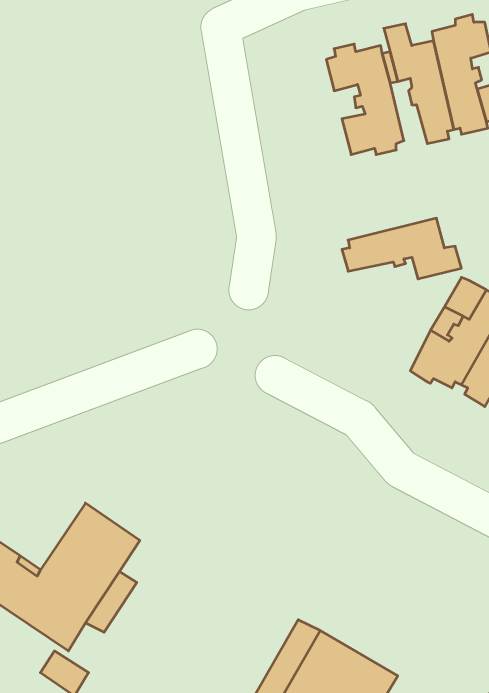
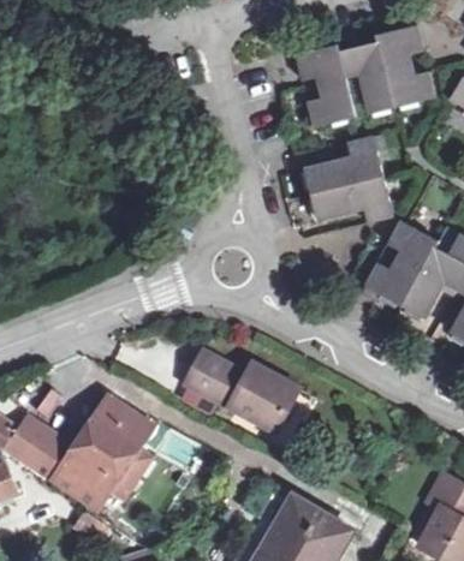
building: none -> [301,133,382,192]
building: none -> [189,352,301,430]

